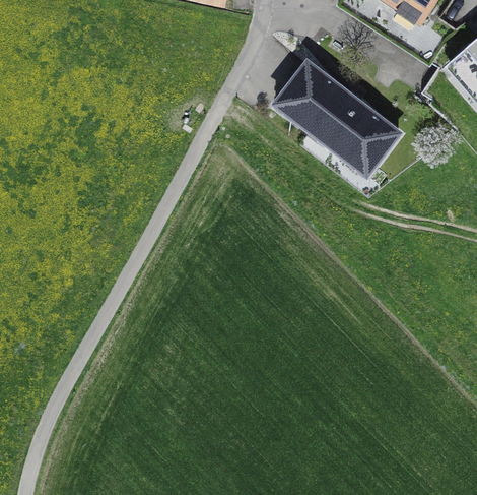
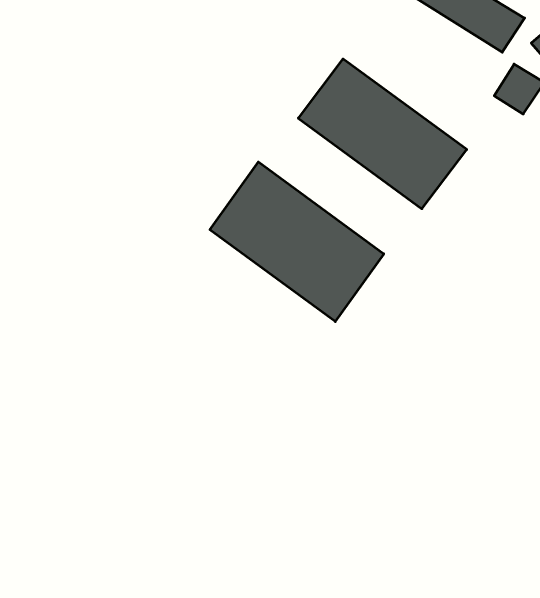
building: none -> [210,162,384,322]

